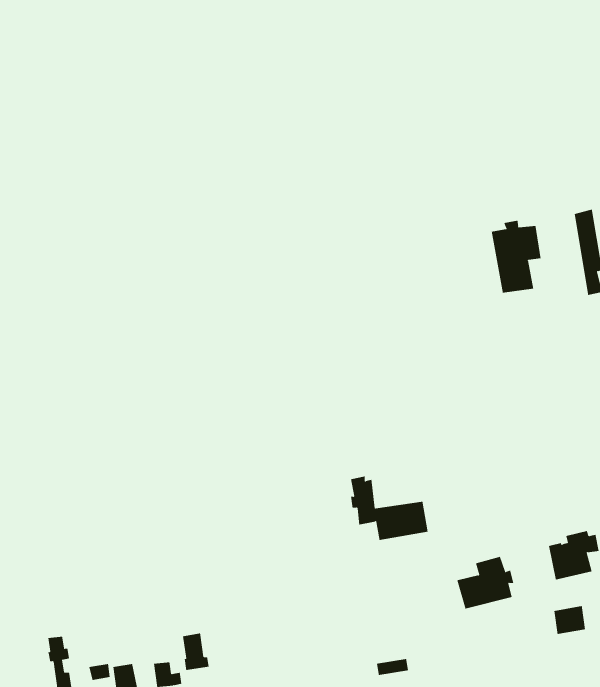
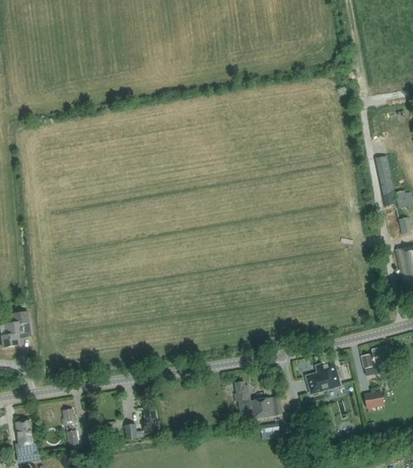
building: [491,220,541,293] -> none
building: [350,476,428,541] -> [234,381,281,419]

